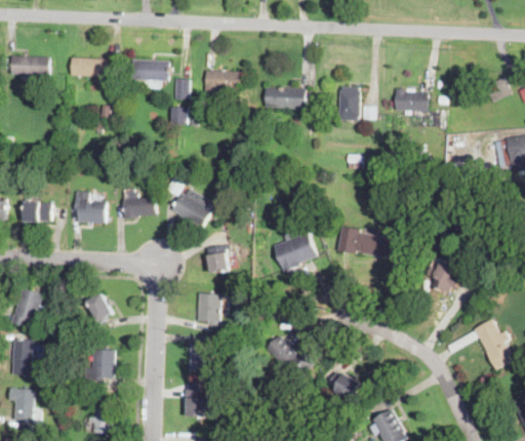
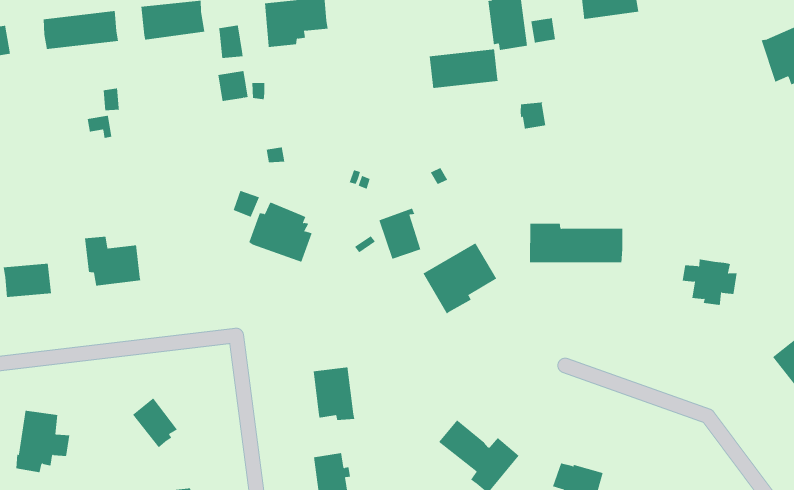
building: [264,86,305,108] -> [429,49,498,88]
building: [121,188,155,218] -> none
building: [206,244,229,273] -> [378,208,421,259]

